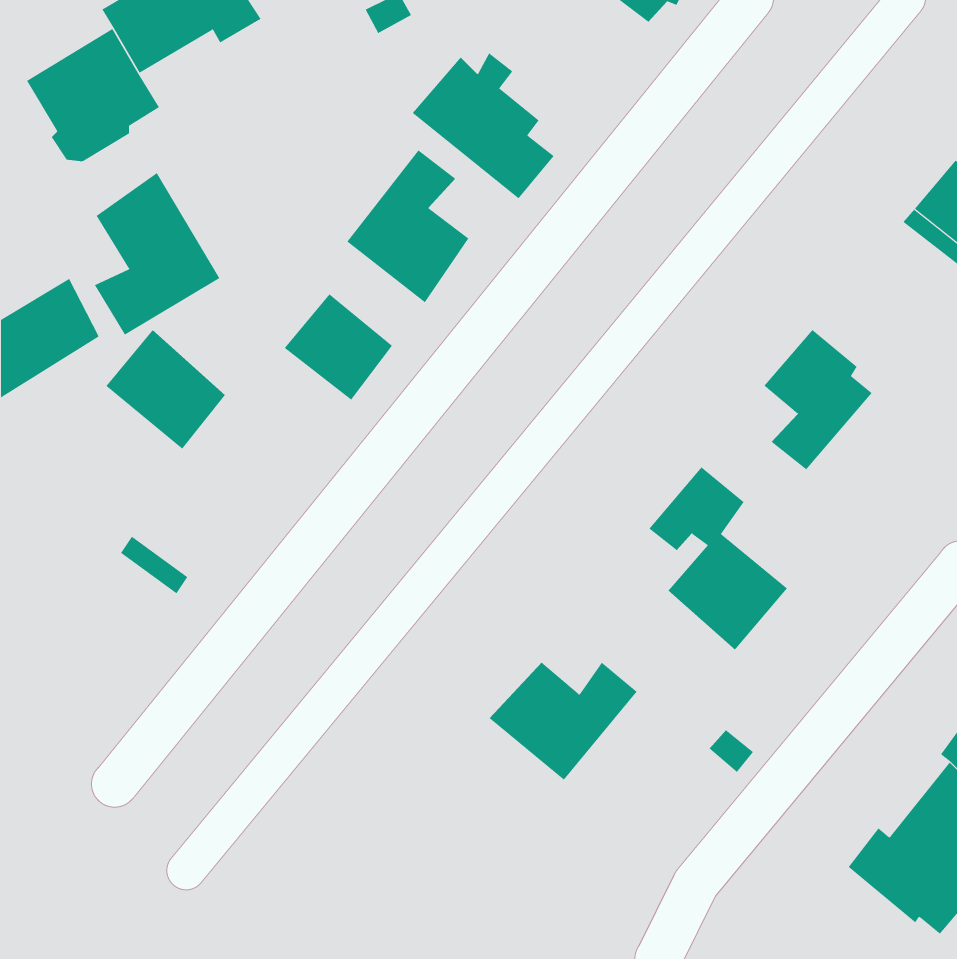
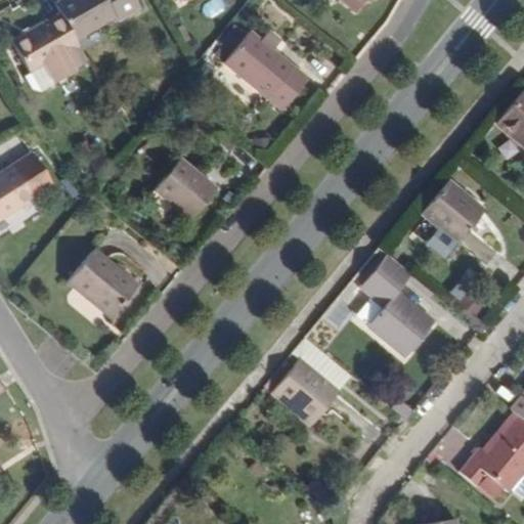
building: [346,149,469,303] -> none
building: [94,172,220,335] -> none
building: [105,329,226,450] -> [71,251,136,316]

